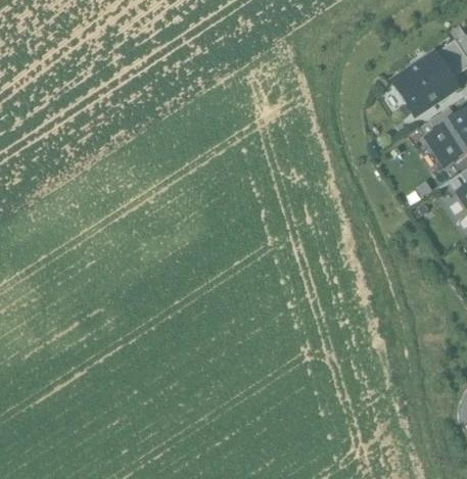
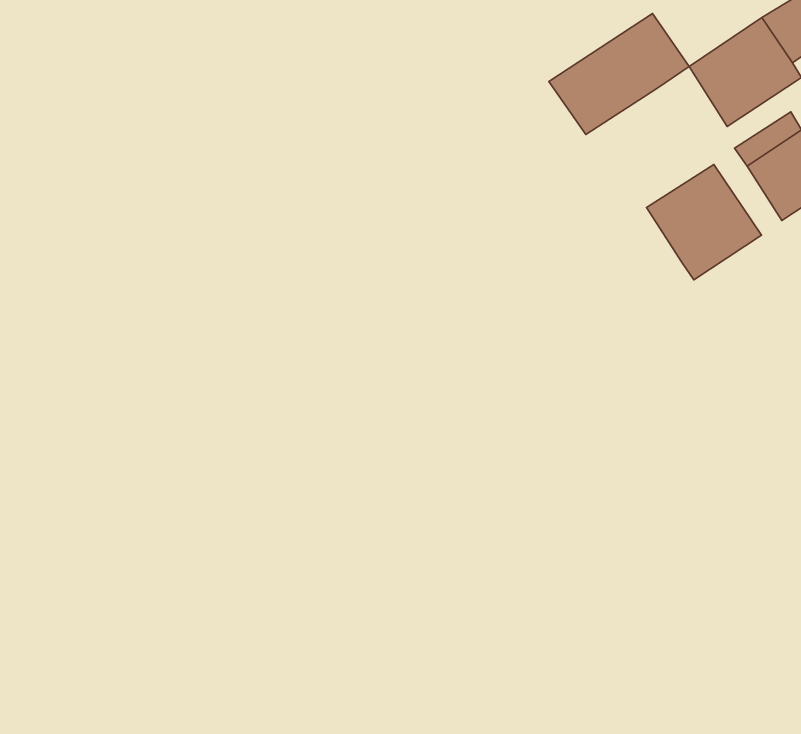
building: none -> [549,13,689,135]
building: none -> [646,165,762,280]

